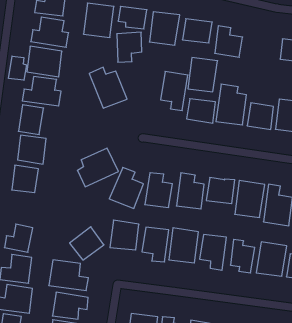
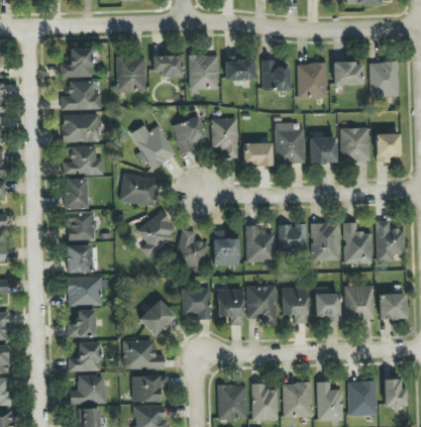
building: [117,32,142,62] -> [174,117,204,153]
building: [9,56,27,80] -> none
building: [188,58,218,92] -> [298,63,326,98]
building: none -> [119,174,160,206]
building: none -> [68,277,108,306]

